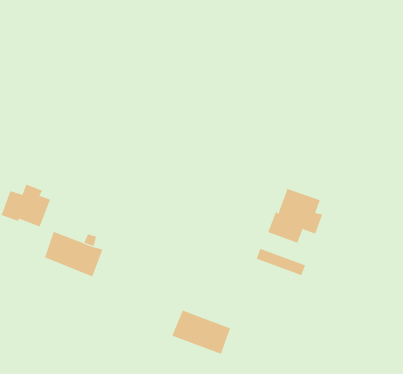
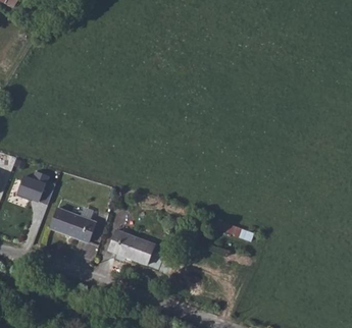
building: [268,188,323,243] -> none
building: [172,310,231,354] -> [108,229,154,264]

